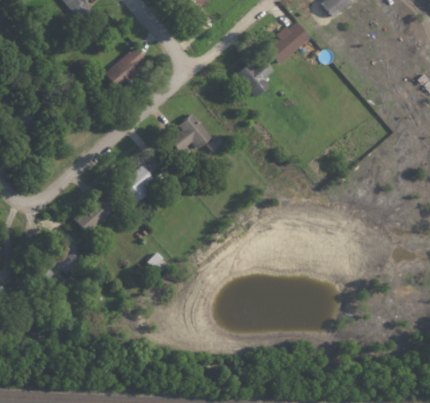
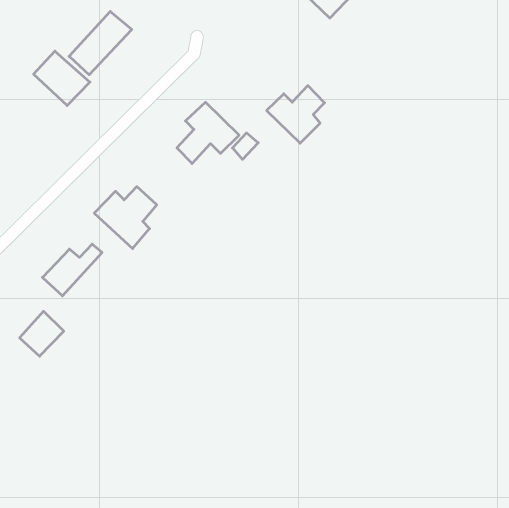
building: [235,59,274,97] -> [267,86,325,143]
building: none -> [34,51,90,106]

